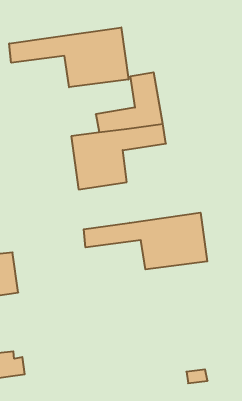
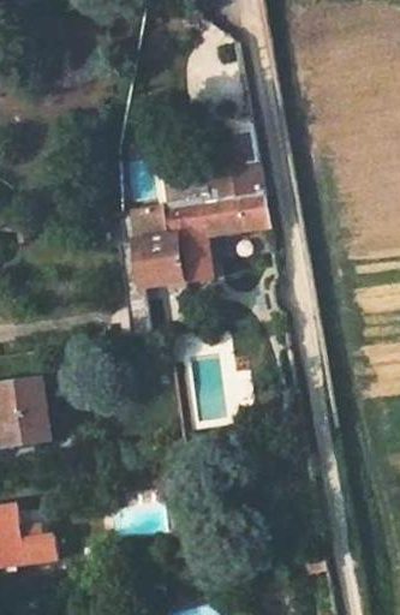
building: [9,27,128,87] -> none
building: [84,213,207,269] -> none

